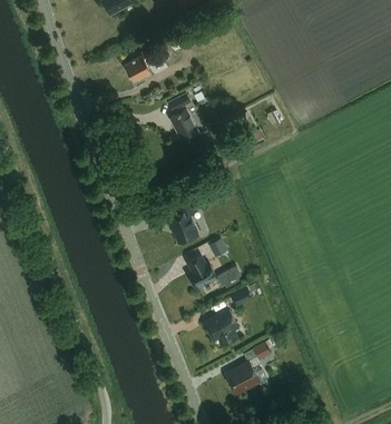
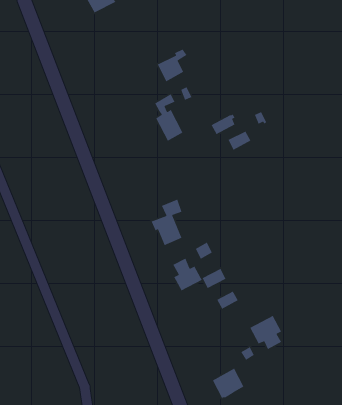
building: [126,49,156,82] -> [157,48,187,82]
building: [206,310,238,345] -> [249,315,282,350]

